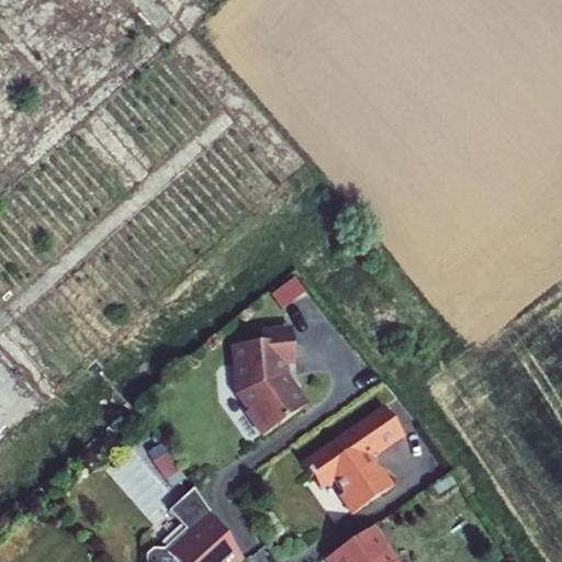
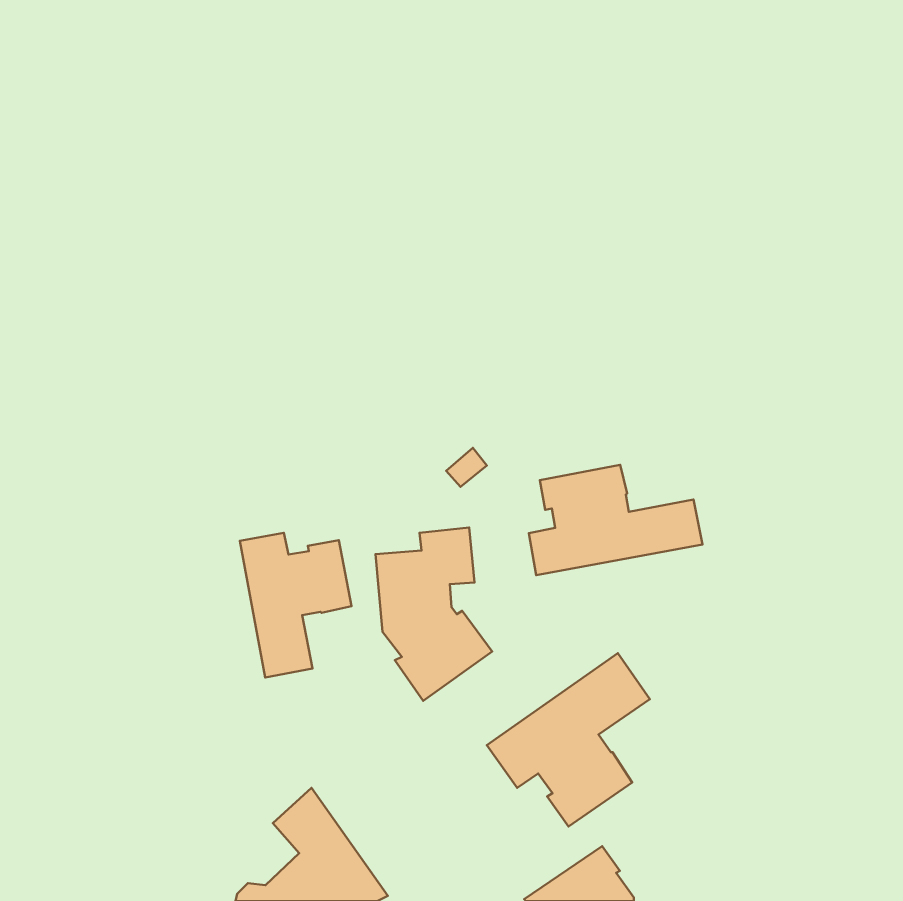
building: none -> [529,465,702,575]
building: none -> [240,533,352,677]

